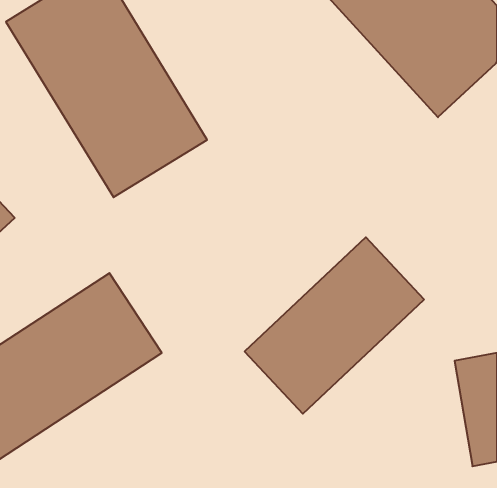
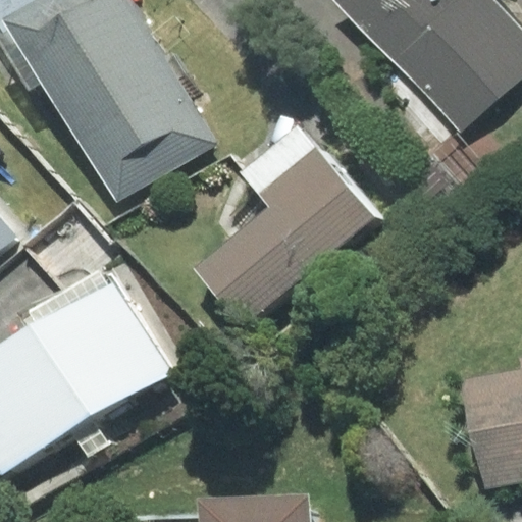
building: [245,237,424,414] -> [192,151,377,333]

